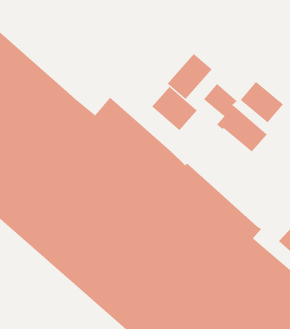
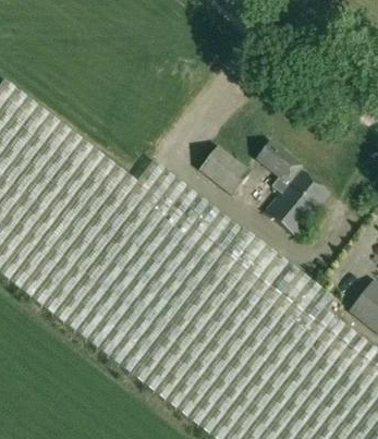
building: [167,53,212,100] -> none
building: [240,81,284,123] -> [267,187,316,233]

